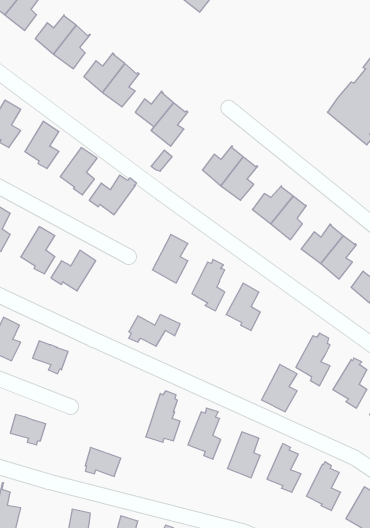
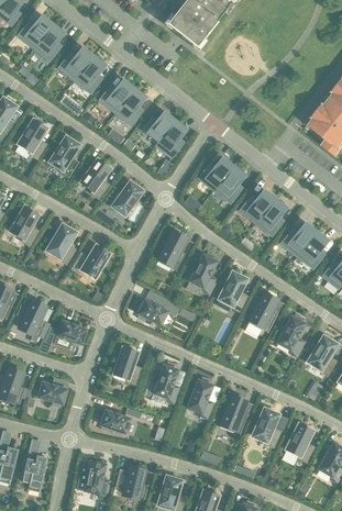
building: [261,364,297,412] -> [247,291,277,331]
building: none -> [112,343,141,382]

